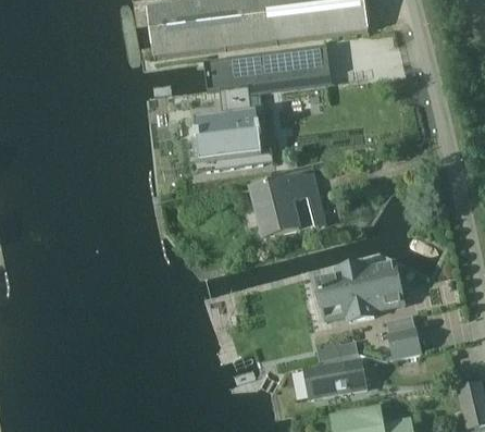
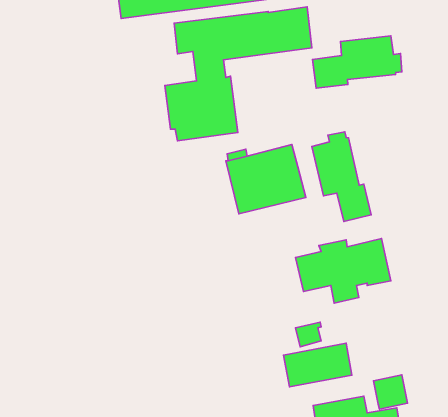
building: none -> [313,36,402,88]
building: none -> [312,132,371,222]
building: [387,324,419,356] -> [373,375,408,409]

